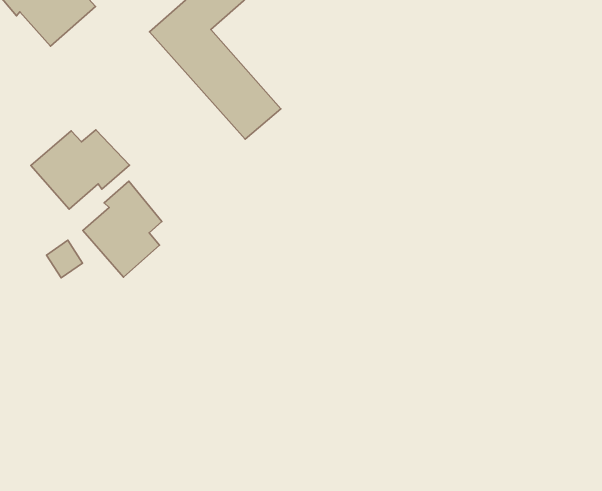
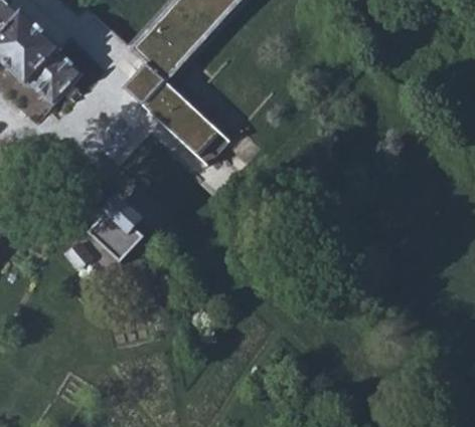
building: [31,130,129,209] -> none

